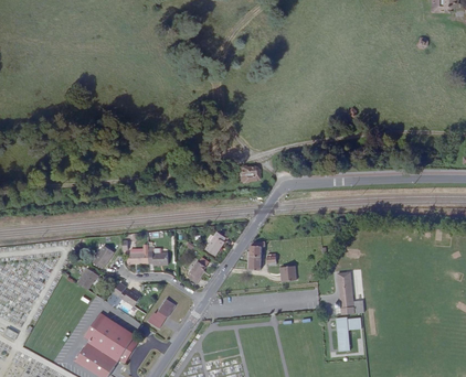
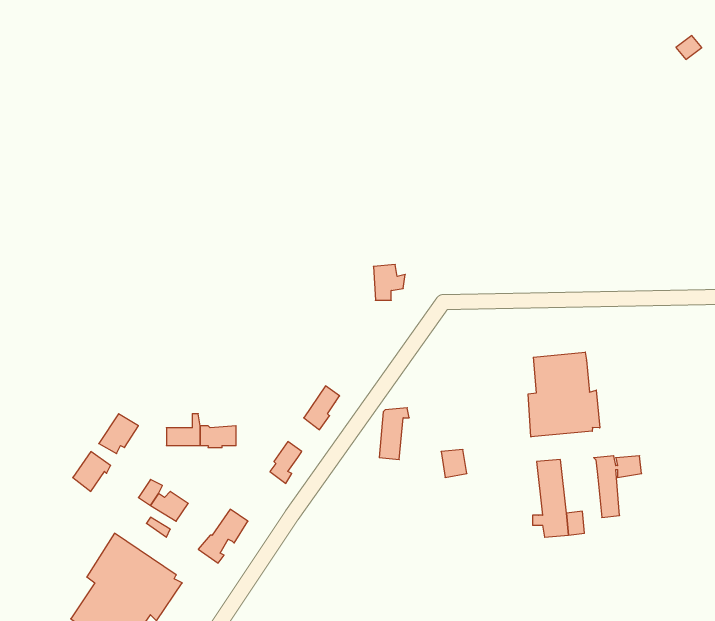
building: none -> [528,352,600,437]
building: [333,316,360,351] -> [594,456,642,517]

